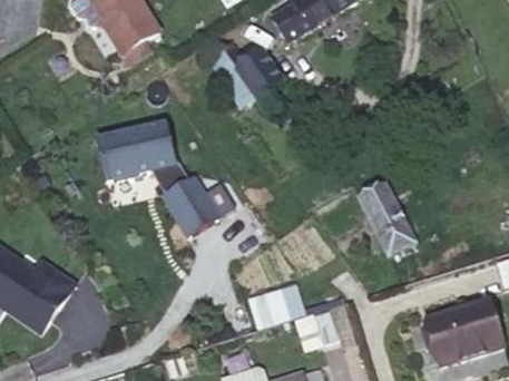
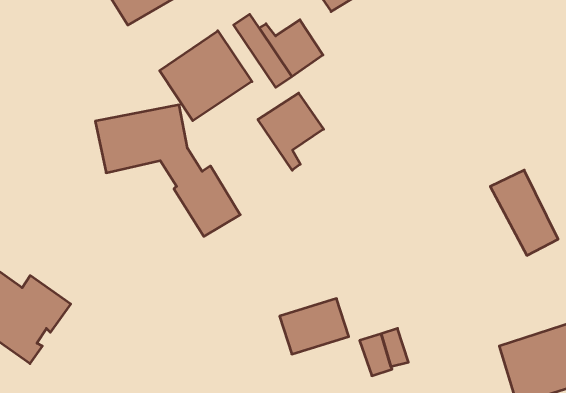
building: none -> [160,31,252,121]
building: none -> [258,93,324,170]
building: [360,185,415,255] -> [490,170,558,255]

